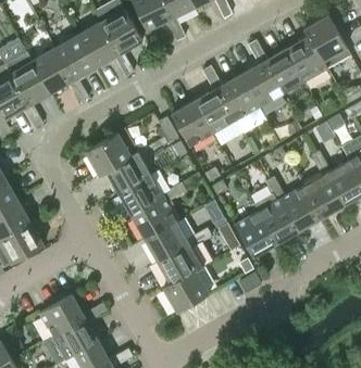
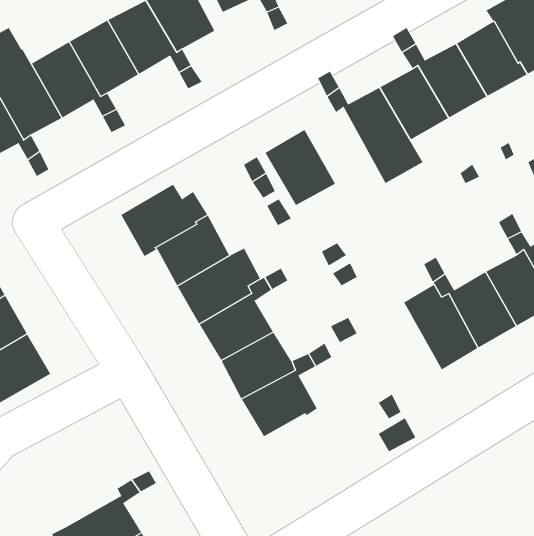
building: [195,87,242,145] -> none
building: [234,211,276,256] -> none
building: [162,269,209,312] -> none
building: [39,294,85,337] -> none

